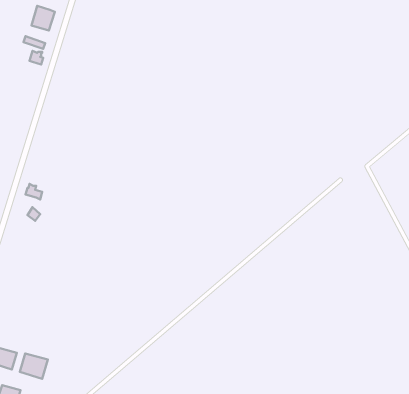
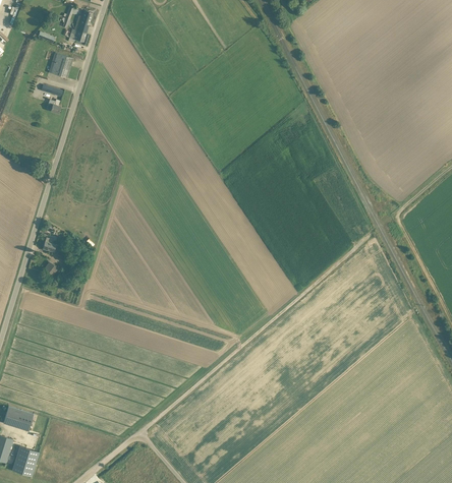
building: [20,353,48,379] -> none

